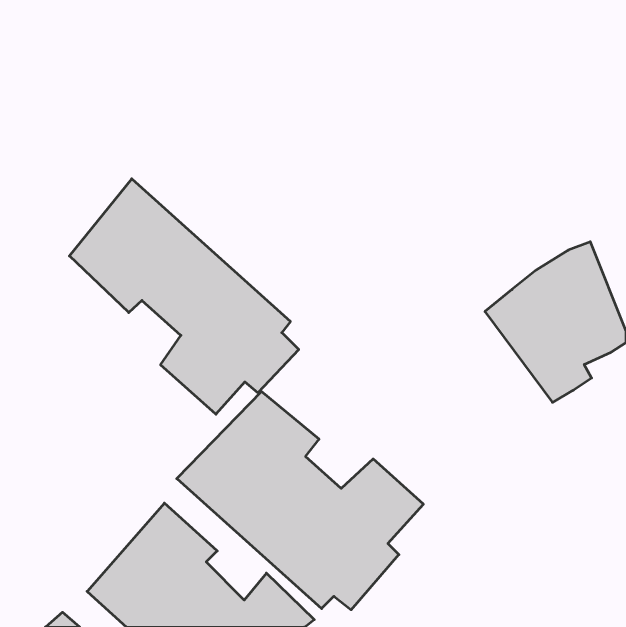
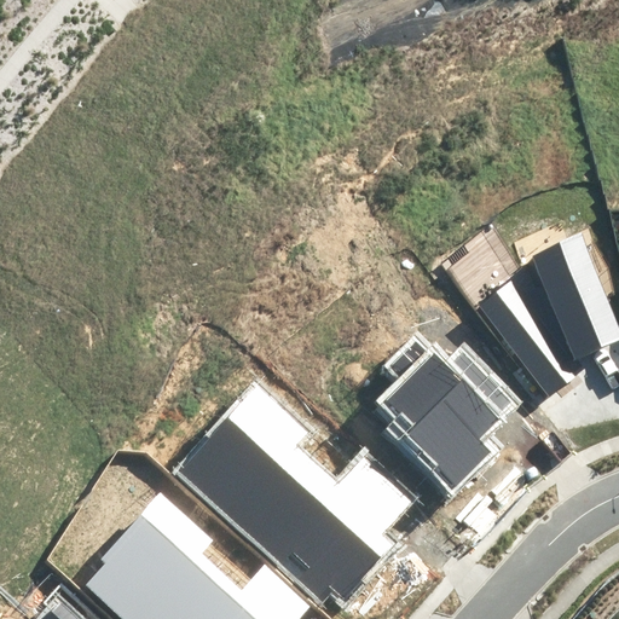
building: [69,179,299,414] -> none
building: none -> [377,347,505,497]

